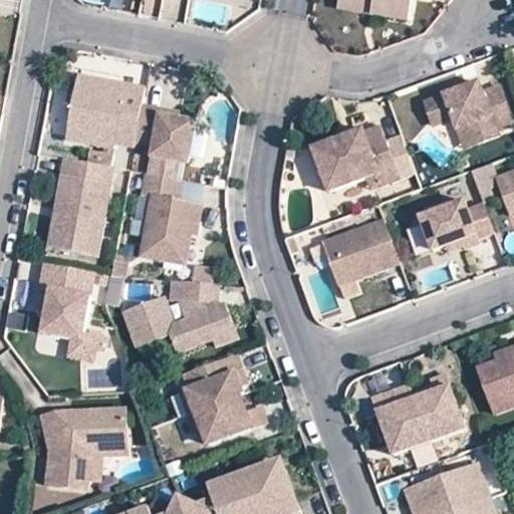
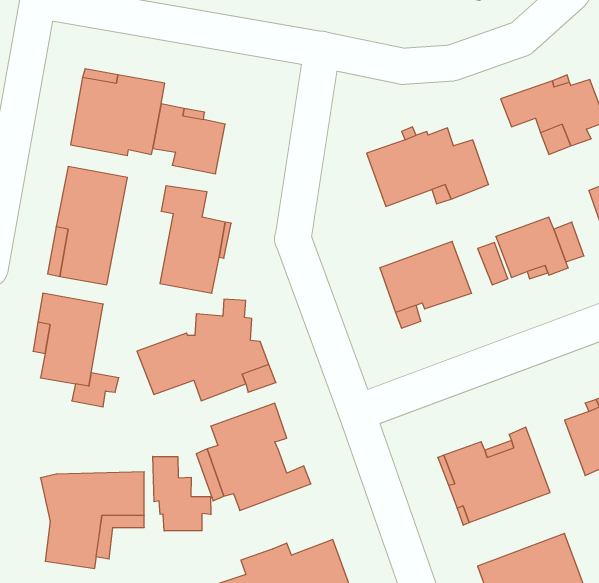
building: none -> [153,456,211,531]

